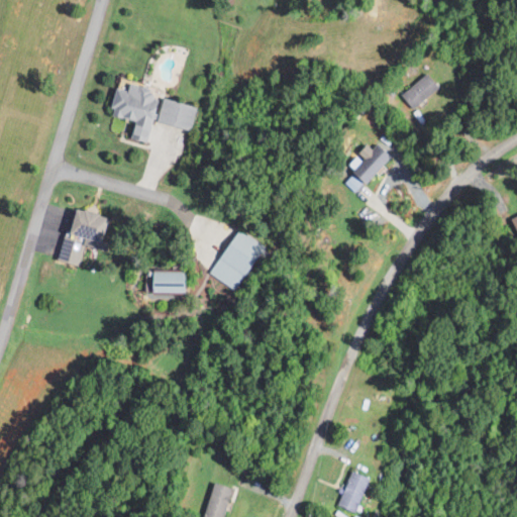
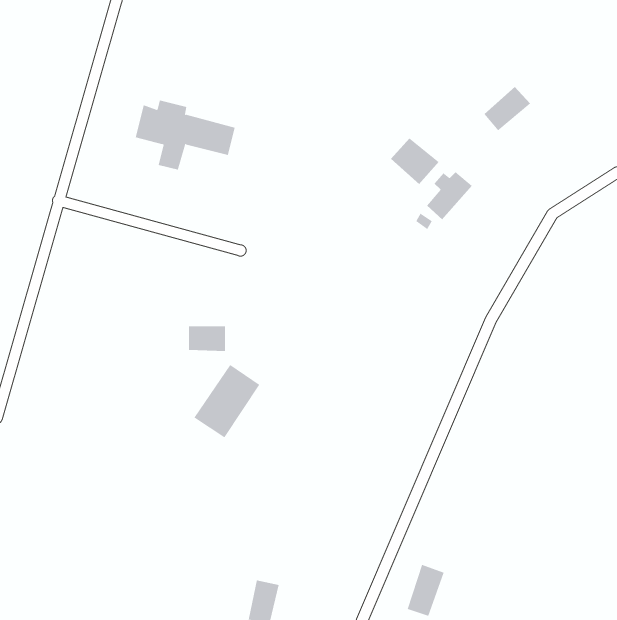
building: none -> [390,137,439,185]
building: [57,215,111,265] -> none
building: [207,229,263,291] -> [193,364,260,438]

